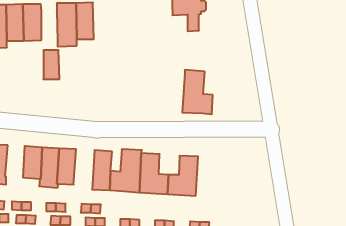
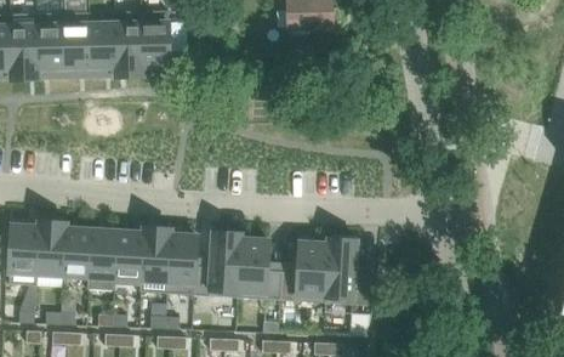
building: [43,50,59,79] -> [90,22,114,66]
building: [182,70,213,114] -> [323,237,369,304]
building: none -> [35,220,65,273]
building: none -> [138,226,171,291]

